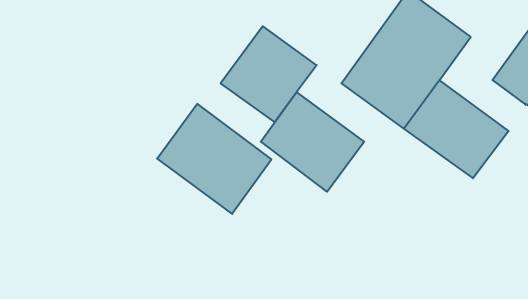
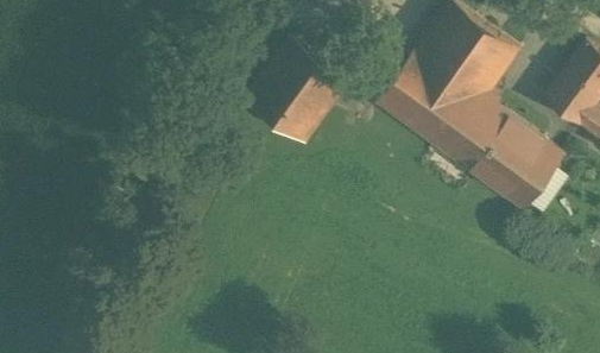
building: [261,92,364,192] -> none
building: [157,104,271,214] -> none

